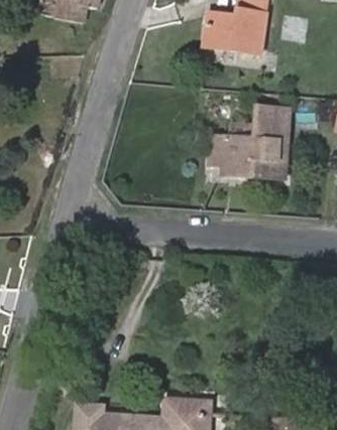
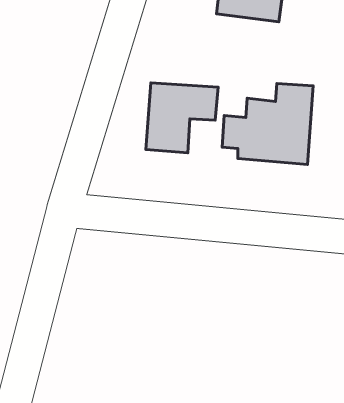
building: none -> [146,83,218,153]

